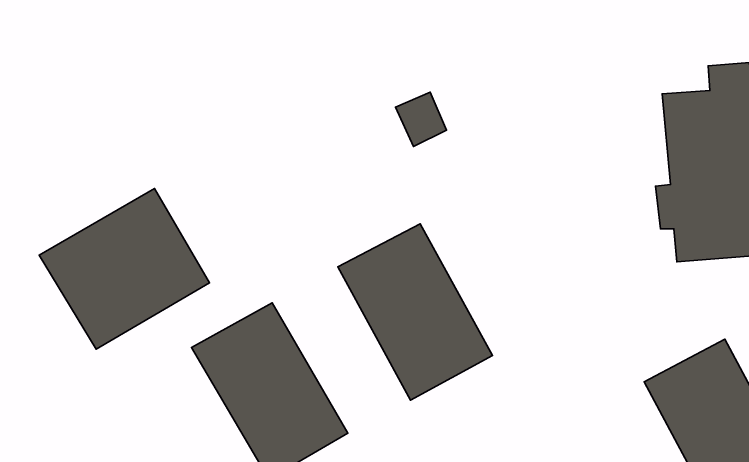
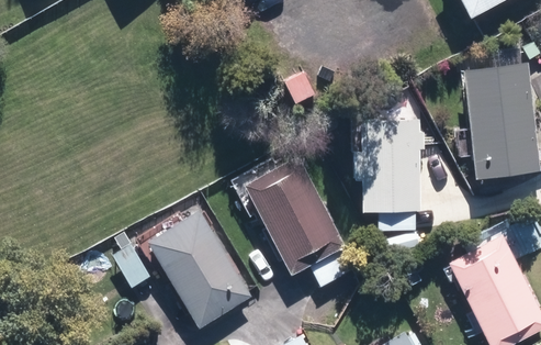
building: none -> [354,103,431,229]
building: [39,188,210,349] -> none

